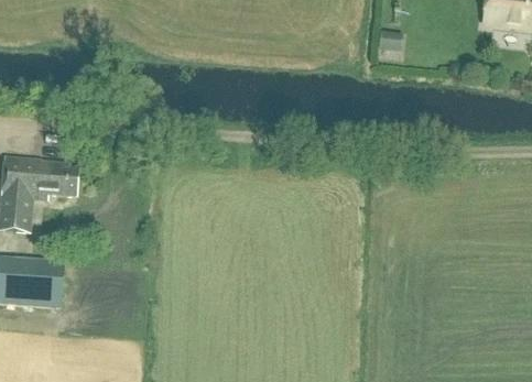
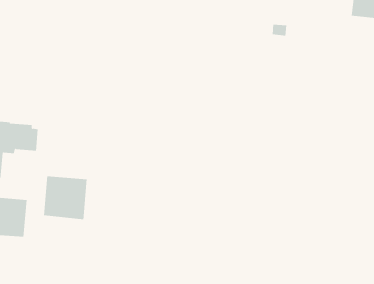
building: none -> [44,176,87,220]

